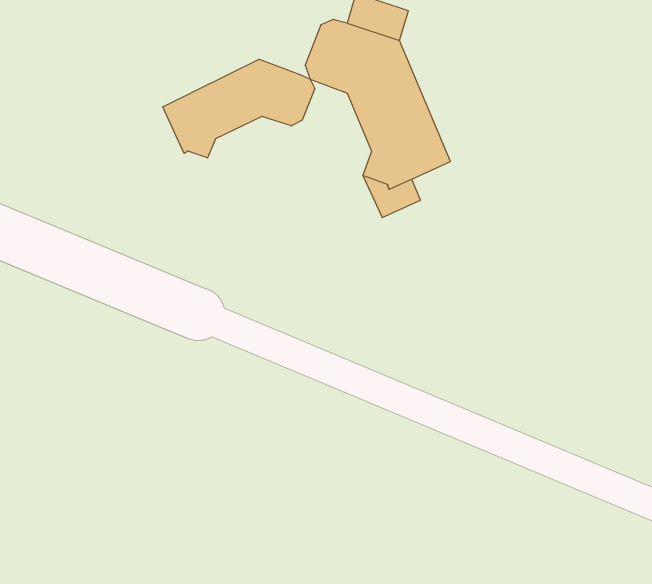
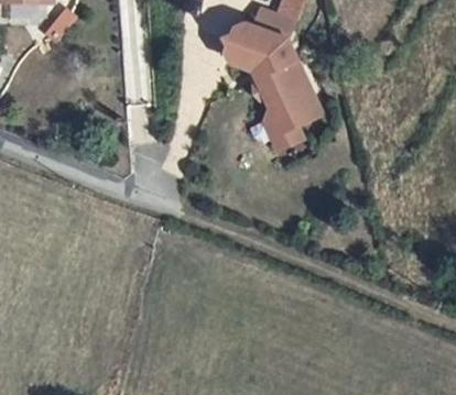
building: [163,59,315,158] -> none

